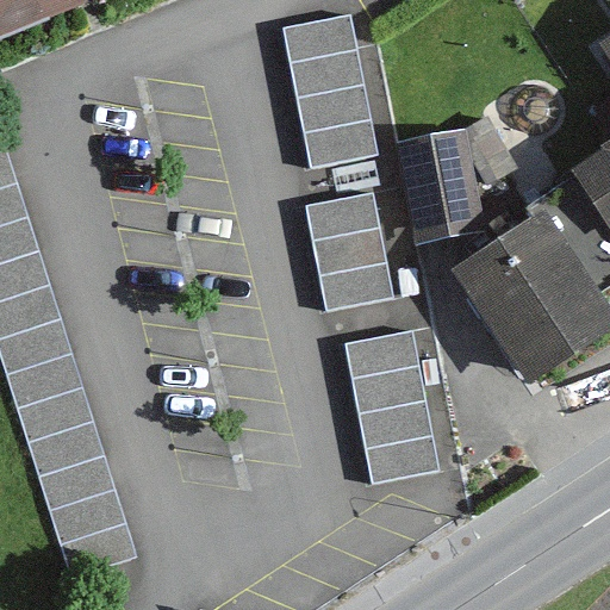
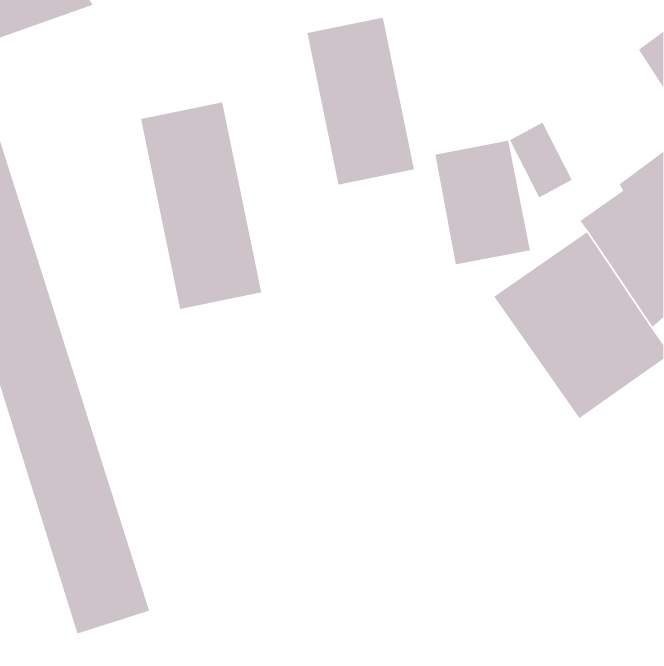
building: none -> [140,101,262,310]
building: [304,192,394,311] -> none
building: [344,331,437,483] -> none

